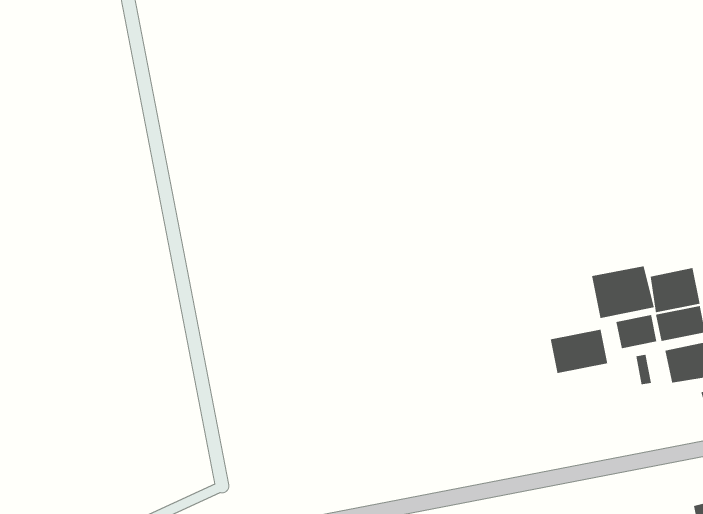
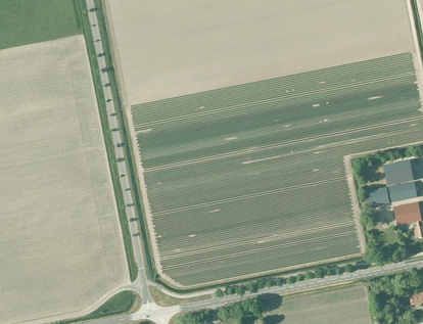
building: [591,265,655,319] -> none
building: [550,329,608,374] -> none

